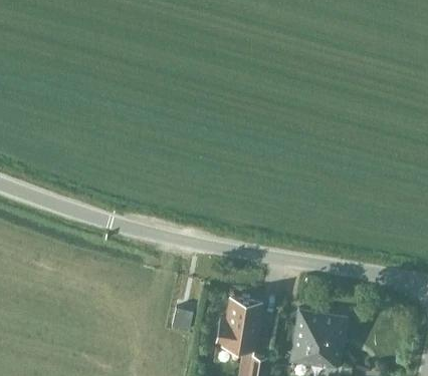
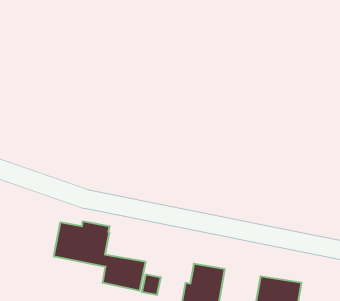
building: none -> [54,221,145,291]

